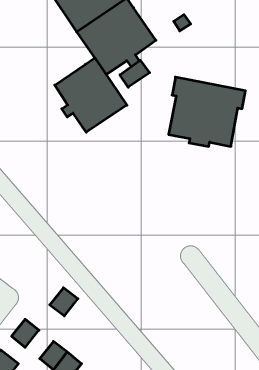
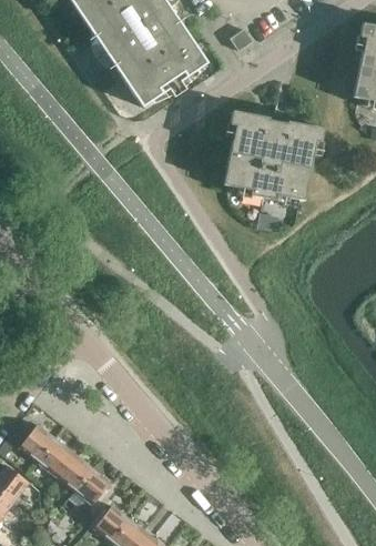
building: [55,58,127,132] -> none
building: [120,60,150,87] -> none
building: [50,288,78,316] -> [37,438,73,475]

